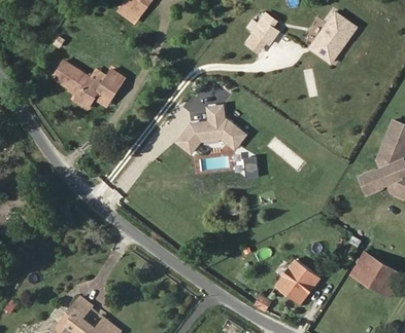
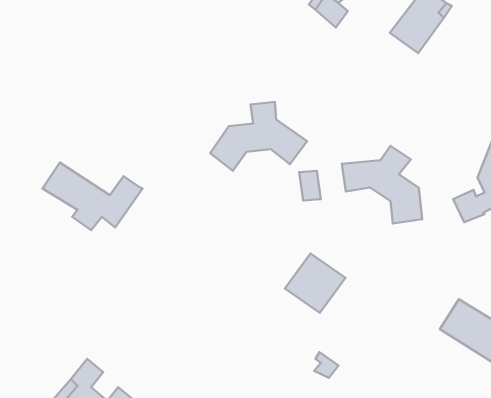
building: [49,58,126,109] -> [42,163,142,230]
building: none -> [342,146,422,223]
building: [274,259,320,304] -> [285,253,345,313]

